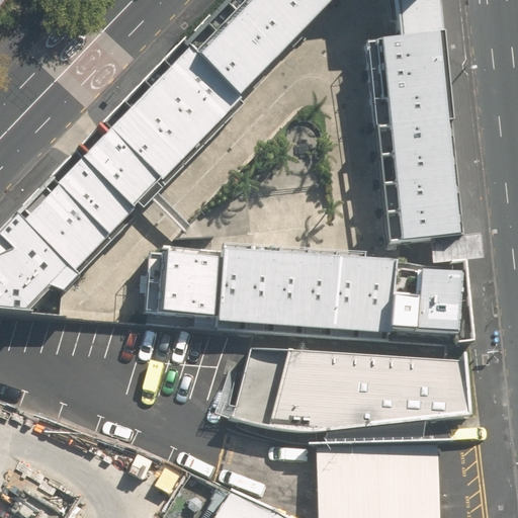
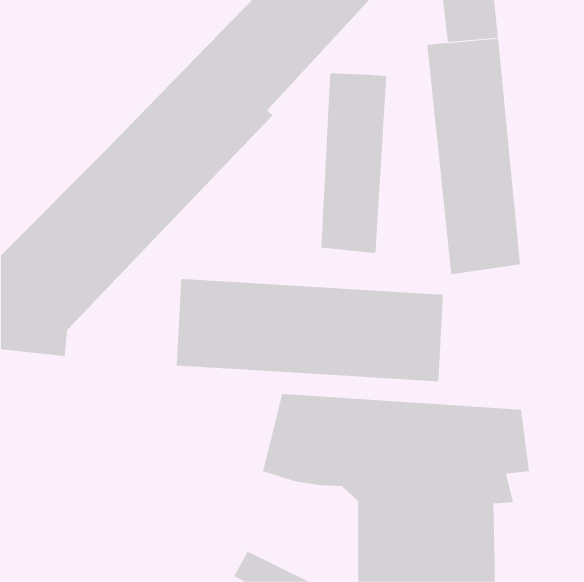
building: none -> [321,72,387,254]
building: [390,259,474,342] -> none

